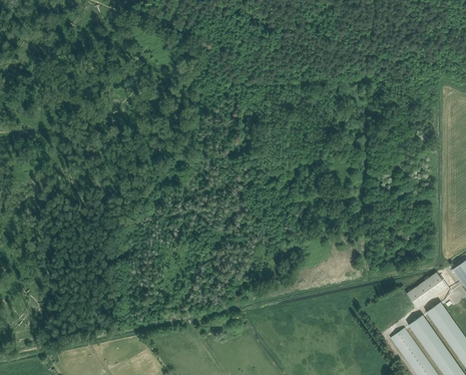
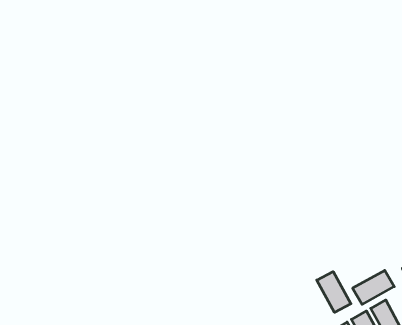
building: none -> [317,272,351,312]

